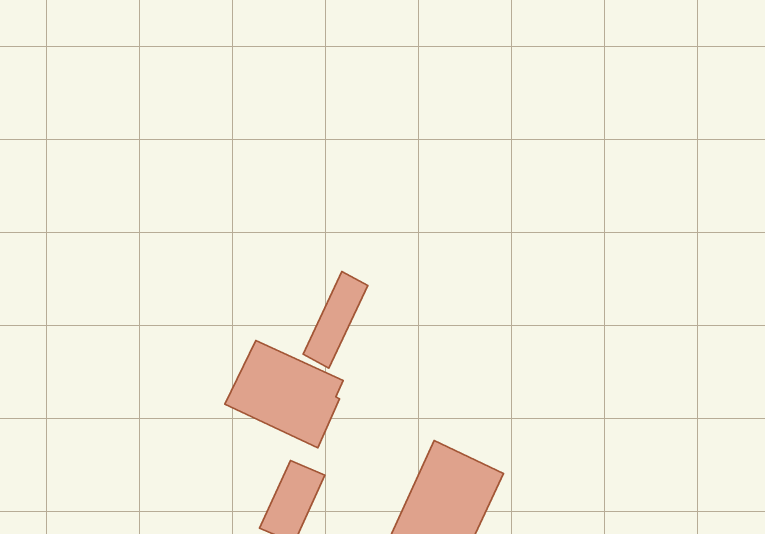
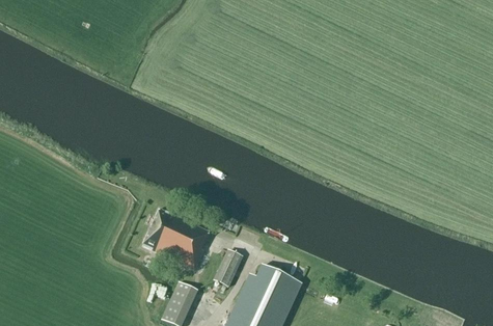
building: [303,272,368,368] -> none
building: none -> [213,252,240,290]

